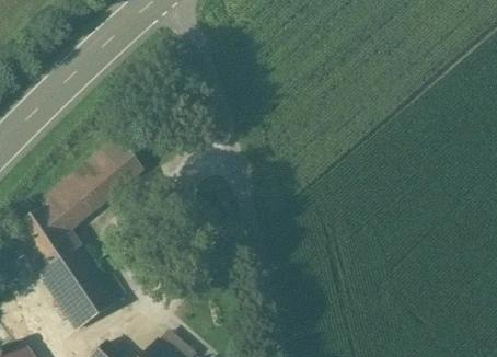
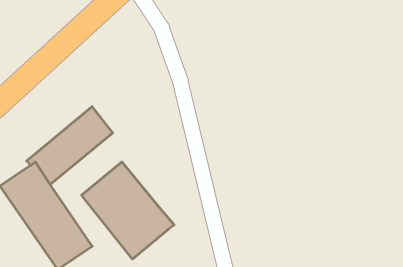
building: none -> [82,162,174,259]

